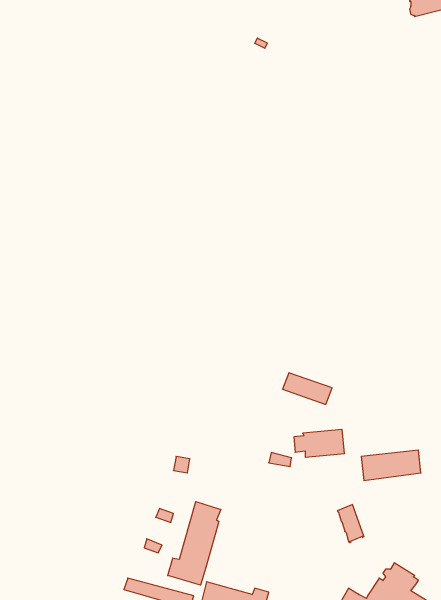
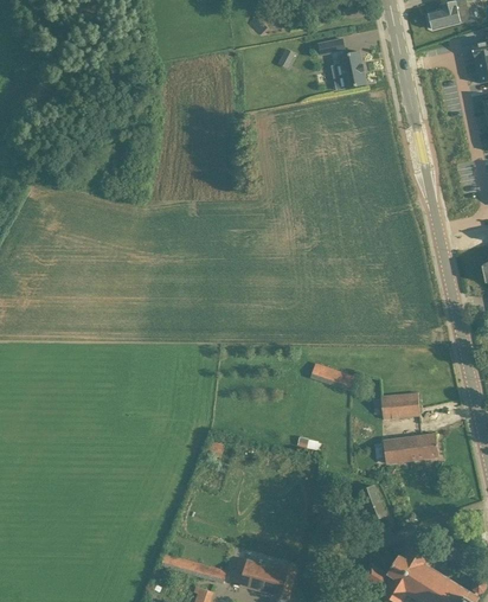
building: none -> [319,38,366,88]
building: [294,429,345,457] -> [372,392,419,418]
building: [168,502,221,585] -> none

